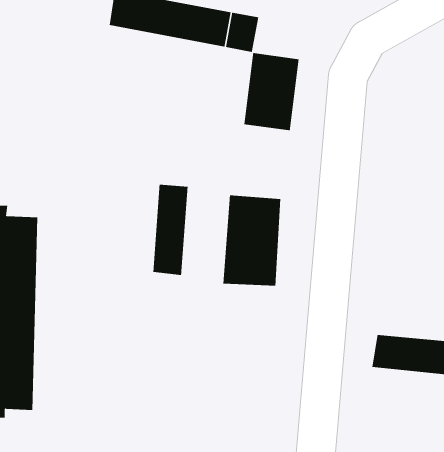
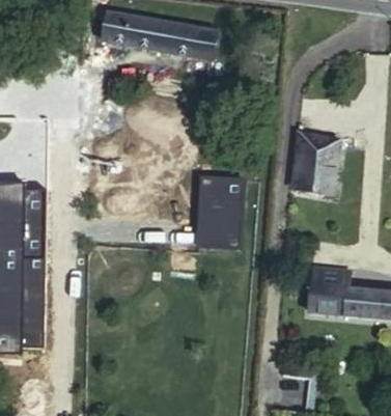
building: [243,53,300,131] -> [300,133,344,195]
building: [153,184,188,276] -> none

